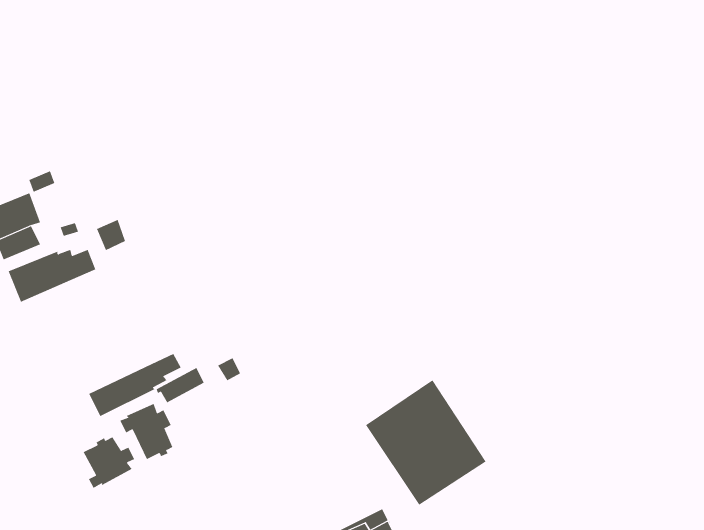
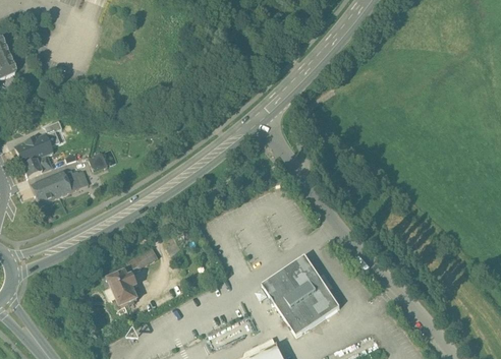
building: [88,353,181,417] -> none
building: [83,436,135,489] -> none

